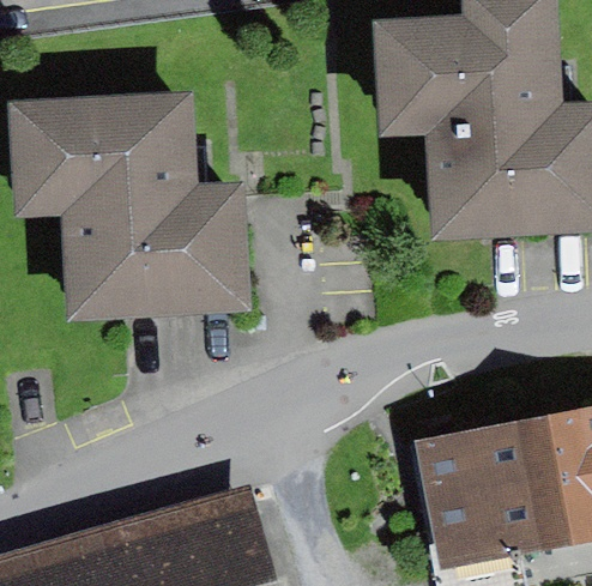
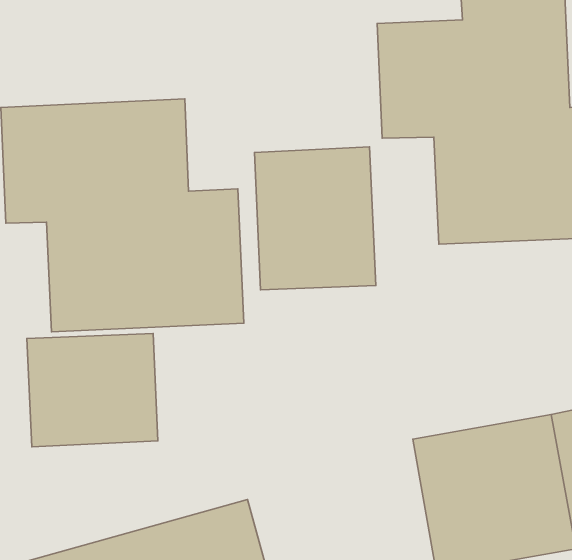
building: none -> [254,147,376,290]
building: none -> [27,333,158,447]

